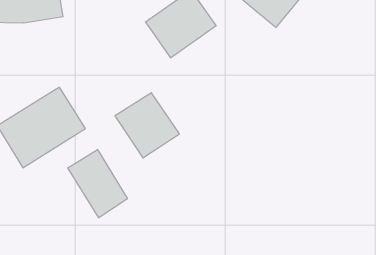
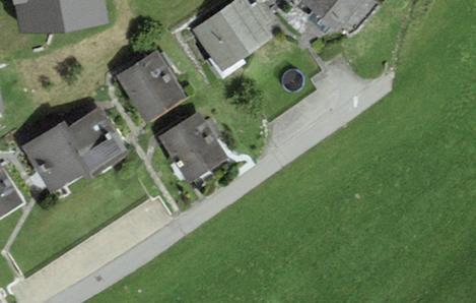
building: none -> [122,50,198,132]
building: [68,149,127,218] -> none

